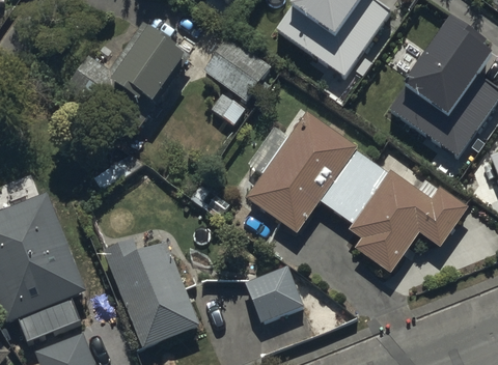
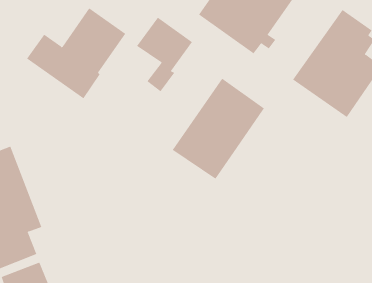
building: [320,147,466,271] -> none
building: [101,236,199,346] -> none
building: [244,263,303,321] -> none

